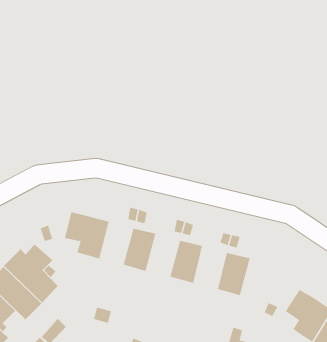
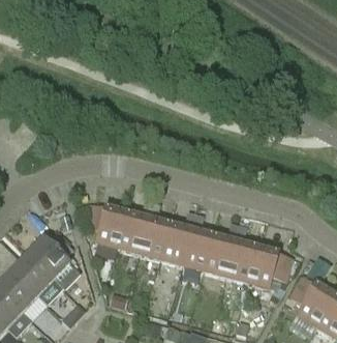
building: none -> [117,213,148,254]
building: none -> [160,225,191,265]
building: none -> [205,236,235,277]
building: none -> [248,248,293,288]

